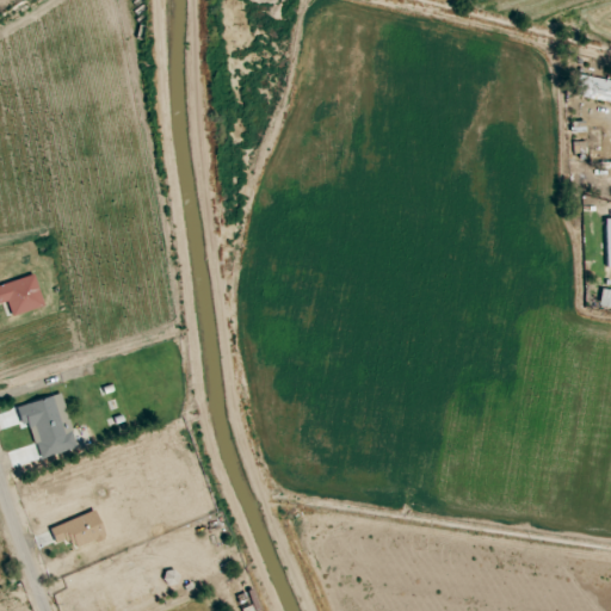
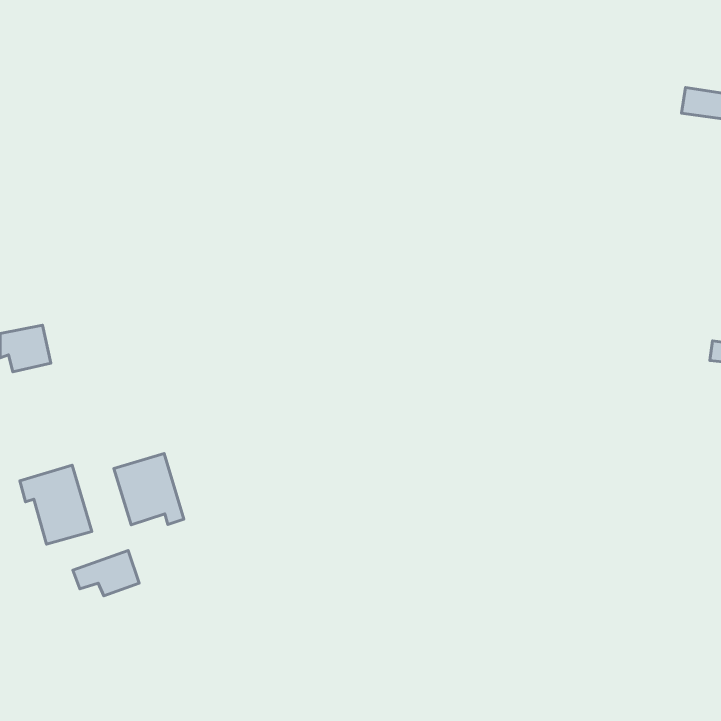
building: none -> [114,454,184,525]
building: [50,510,106,548] -> [73,551,139,596]

